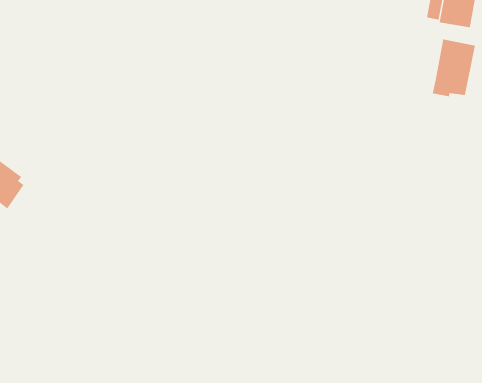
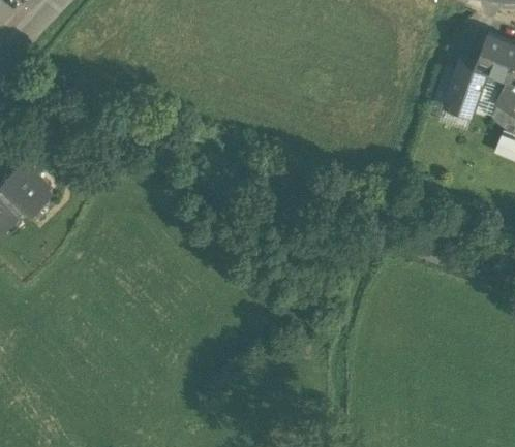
building: [432,38,476,97] -> none

